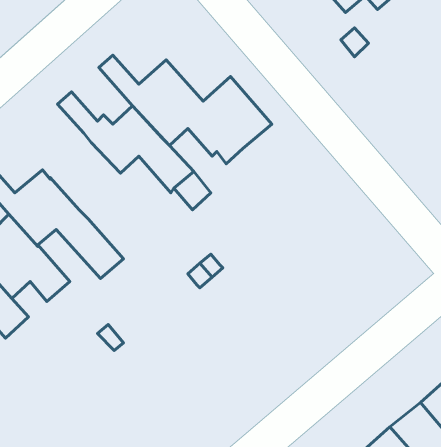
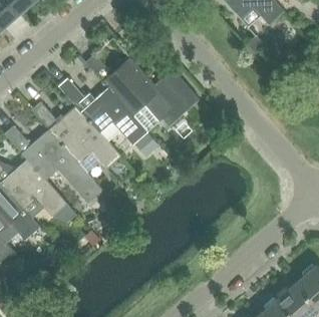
building: none -> [32,102,120,169]

